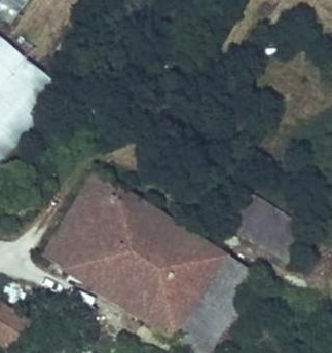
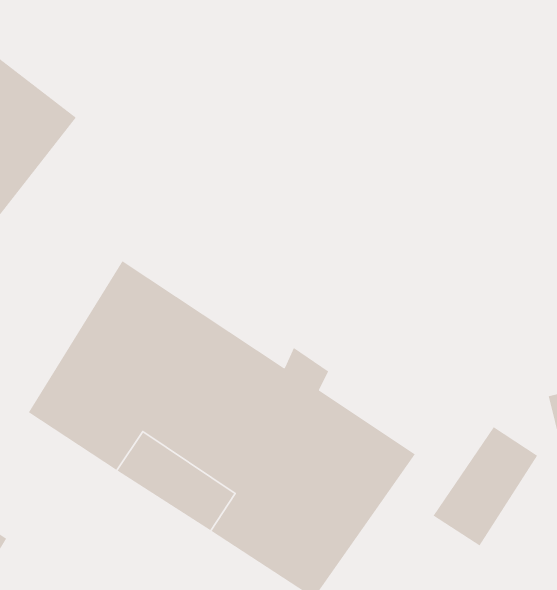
building: none -> [432,426,538,546]

